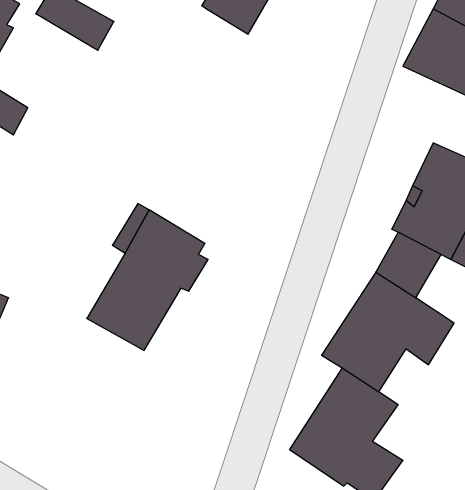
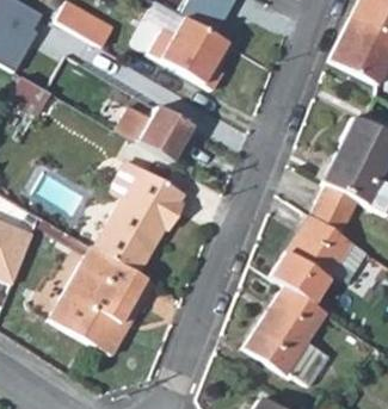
building: none -> [149,17,233,92]
building: none -> [116,106,192,161]
building: none -> [50,246,154,354]

